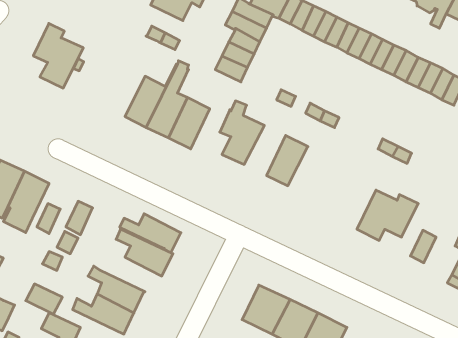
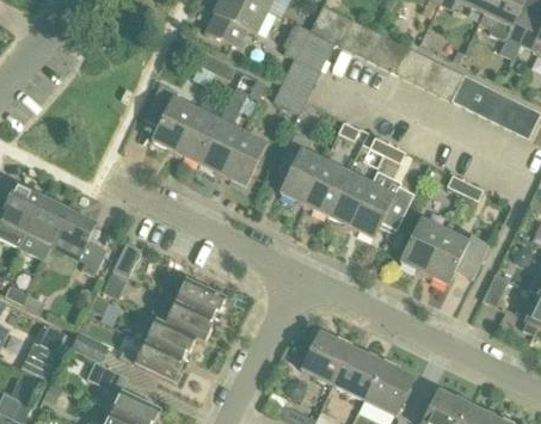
building: [33,23,83,88] -> [143,81,197,150]
building: none -> [303,160,348,214]
building: none -> [350,183,413,236]
building: none -> [401,217,444,271]
building: [120,214,181,253] -> [149,301,215,343]

